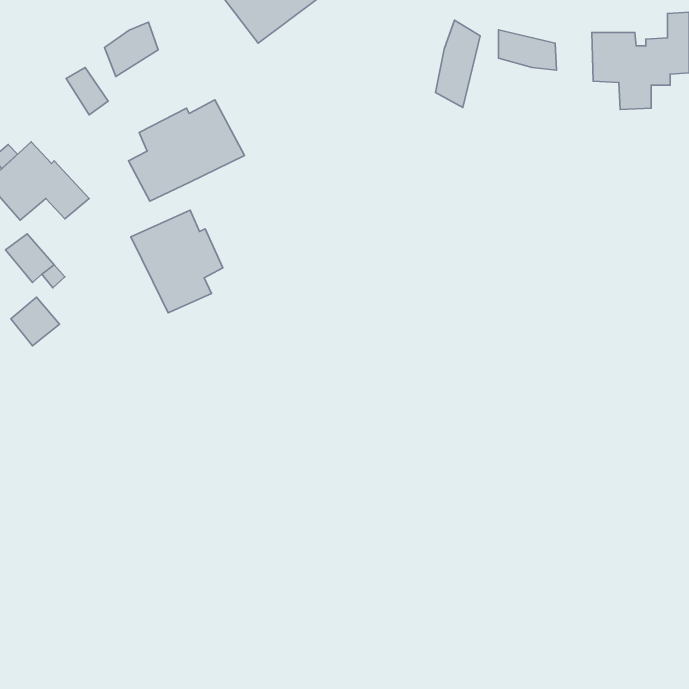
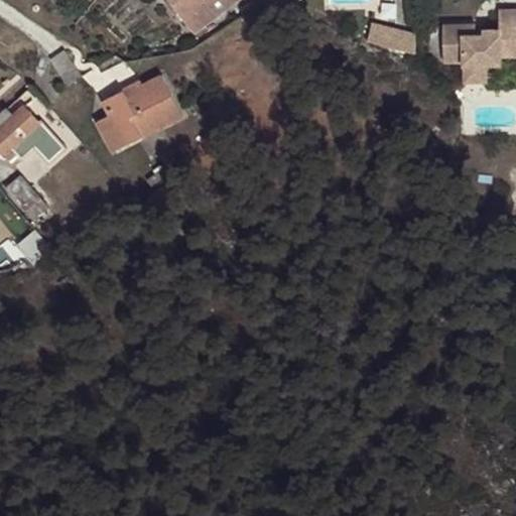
building: [436,20,480,107] -> none
building: [104,22,158,76] -> none
building: [131,210,223,313] -> none

